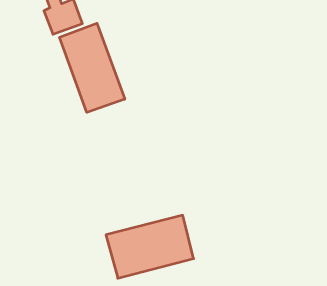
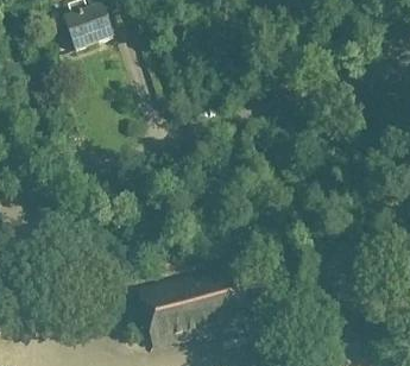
building: [60,23,125,112] -> none

